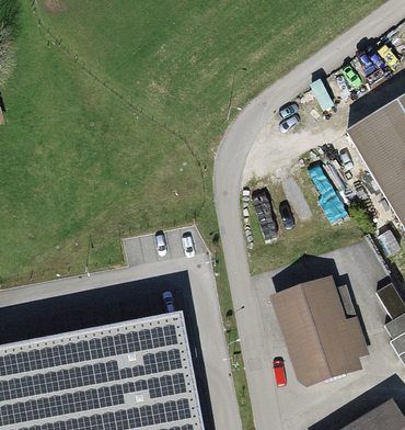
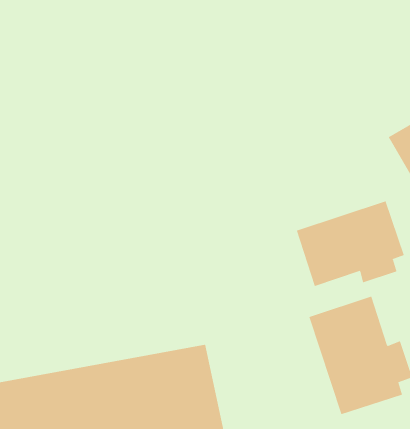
building: none -> [296,201,405,287]

